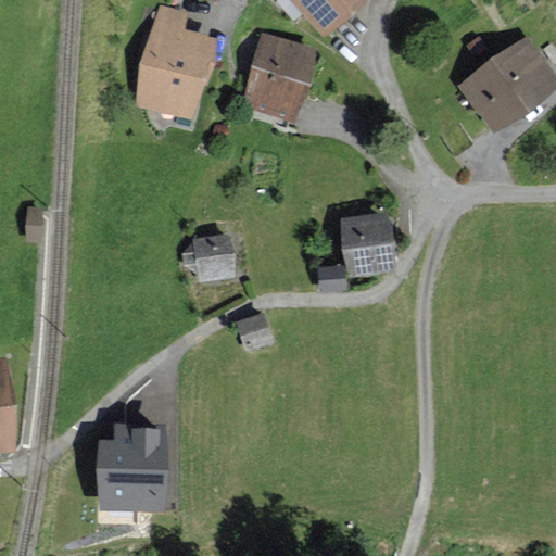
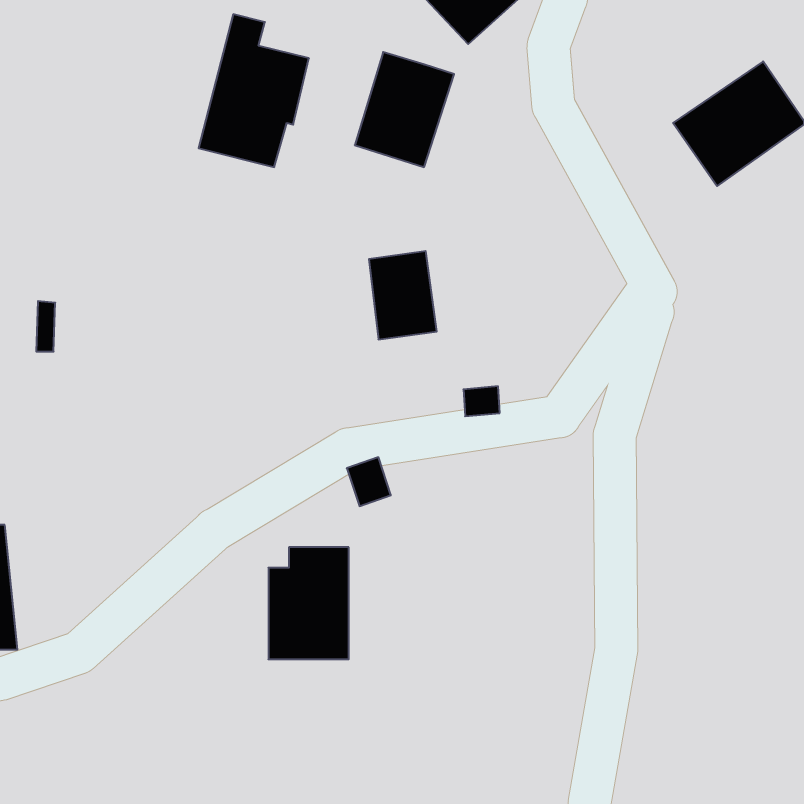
building: [344,213,391,274] -> [369,251,437,339]
building: [198,236,230,278] -> none
building: [104,428,160,505] -> [268,547,349,659]

